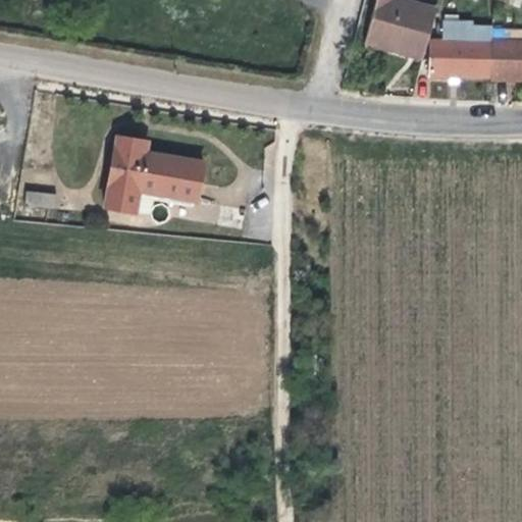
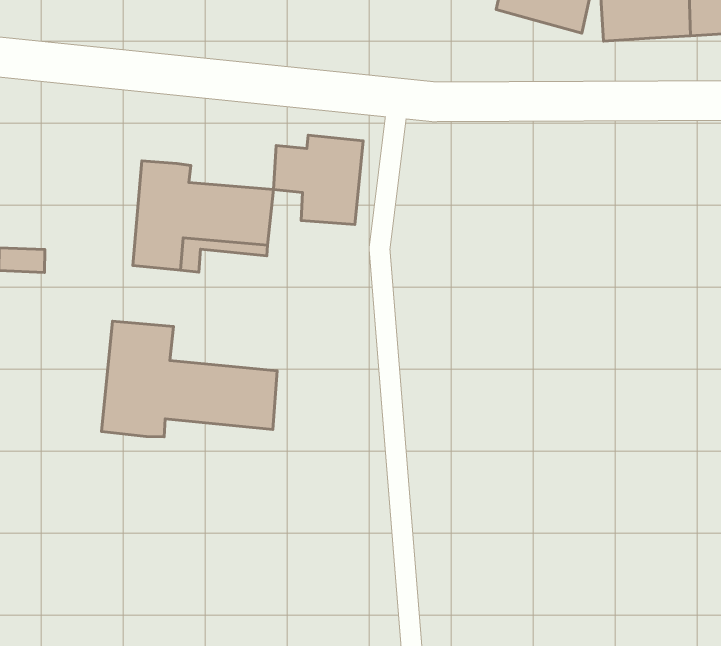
building: none -> [273,135,363,224]
building: none -> [101,321,277,437]

